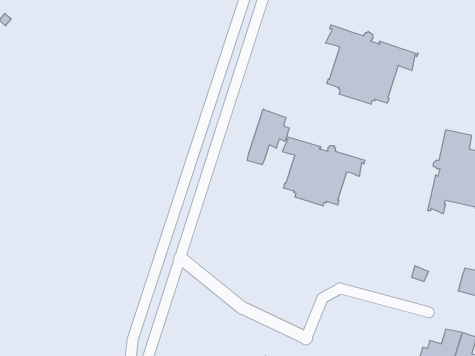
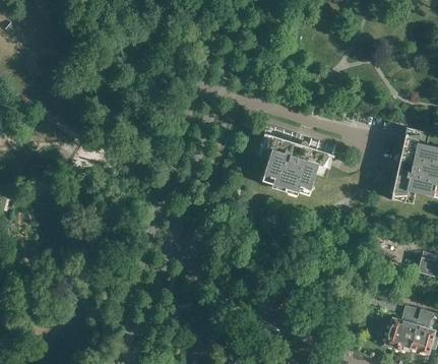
building: [326,25,418,104] -> none
building: [247,109,289,165] -> none

